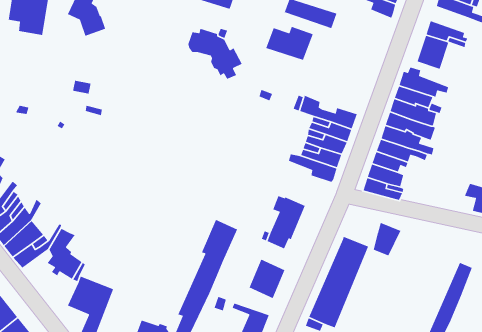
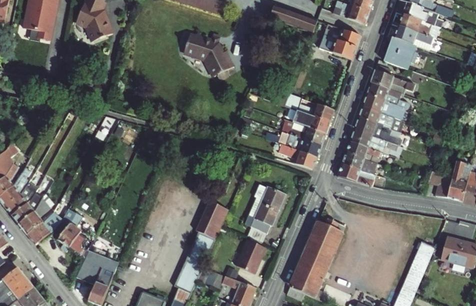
building: [265,26,314,61] -> [318,27,361,58]
building: [373,222,402,257] -> none

